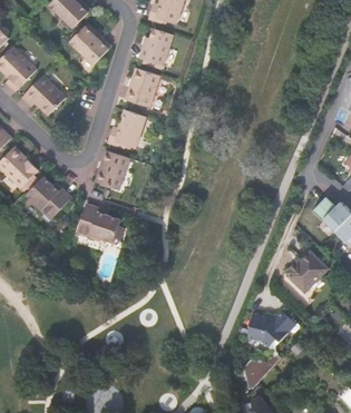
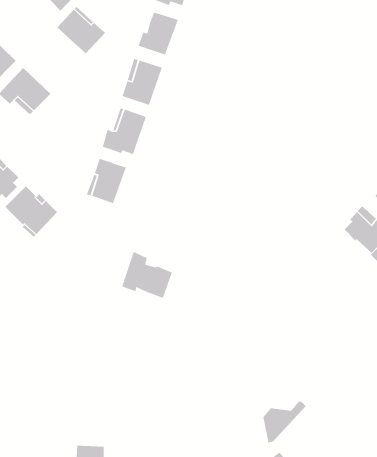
building: [79,199,123,239] -> [121,251,173,299]
building: [286,250,329,293] -> none
building: [248,311,295,346] -> none

